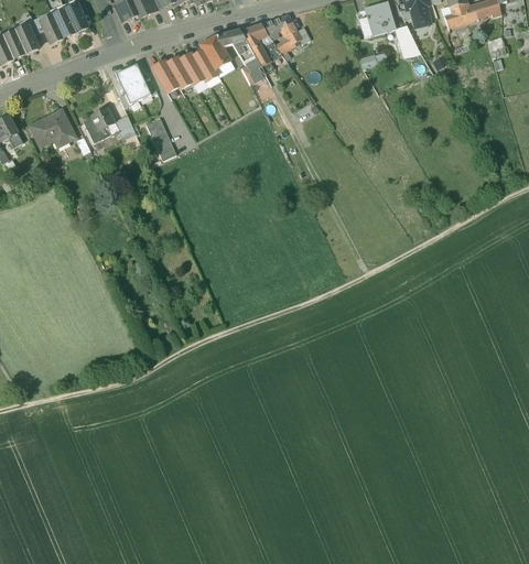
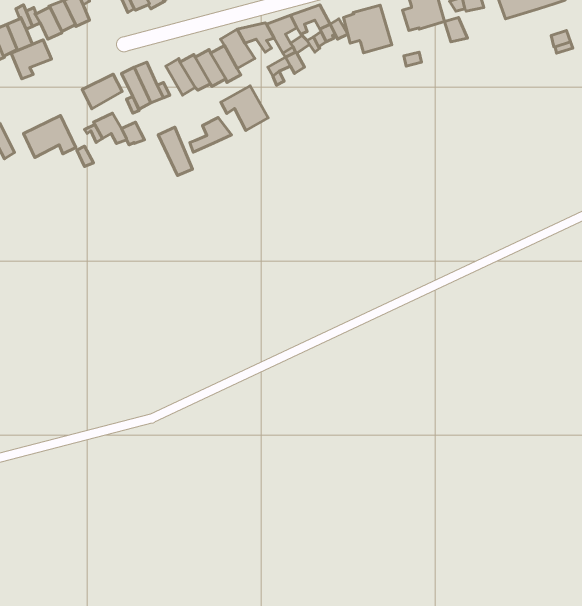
building: none -> [343,5,392,53]
building: none -> [11,40,51,79]
building: none -> [82,74,122,109]
building: none -> [221,86,268,130]
building: none -> [190,118,231,152]

